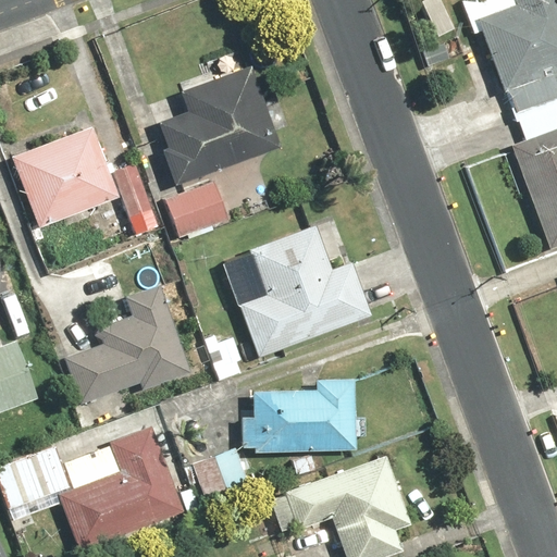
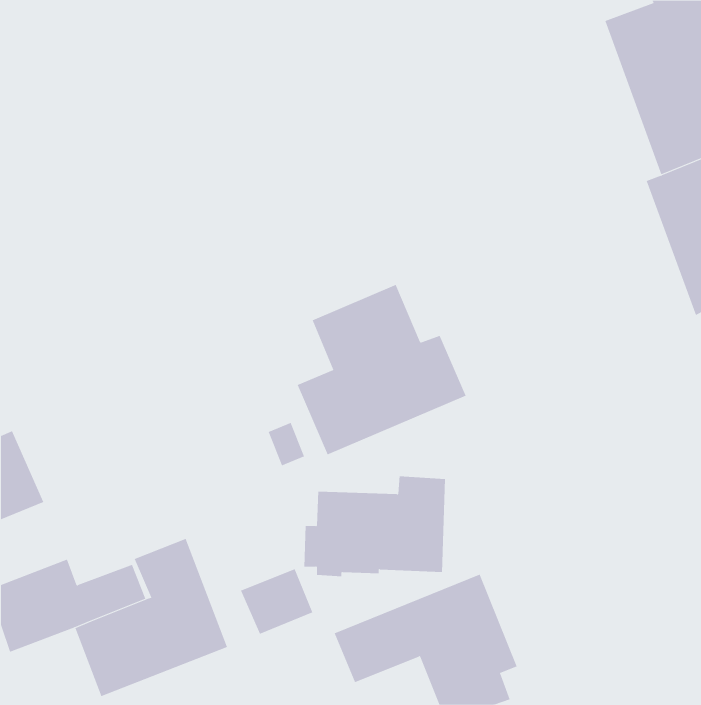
building: [157,50,293,187] -> none
building: [10,127,153,230] -> none
building: [162,178,228,243] -> none
building: [61,287,193,407] -> none

